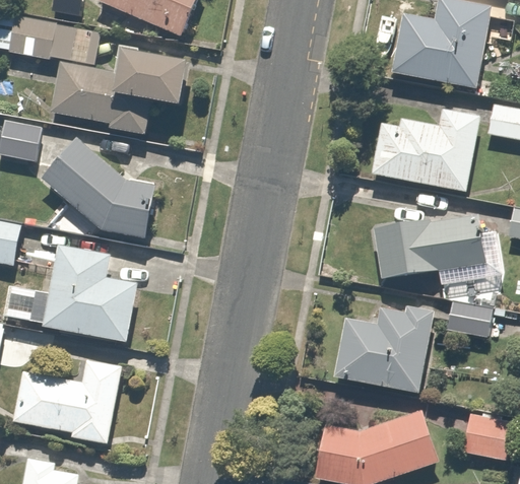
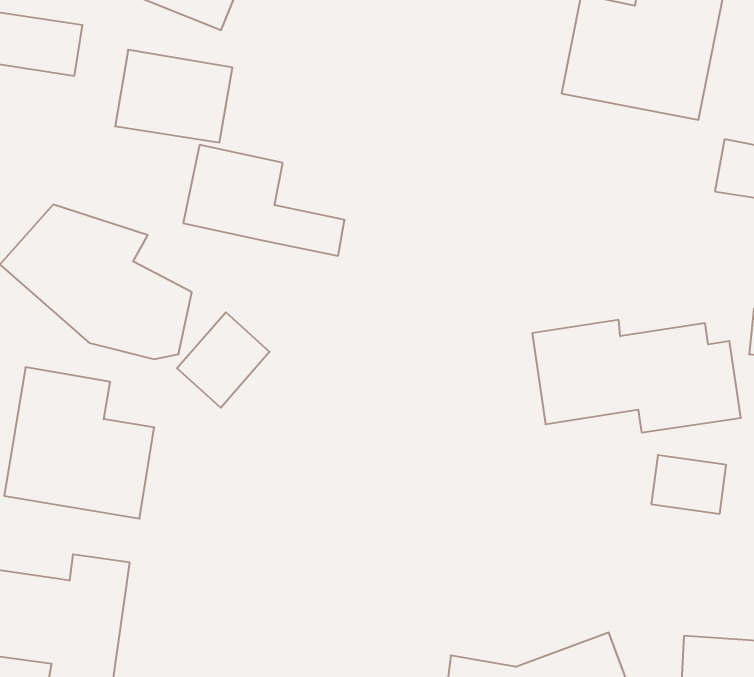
building: [49,64,149,133] -> [183,145,345,256]
building: [374,108,477,188] -> none
building: none -> [177,312,270,408]
building: [333,313,433,401] -> none

